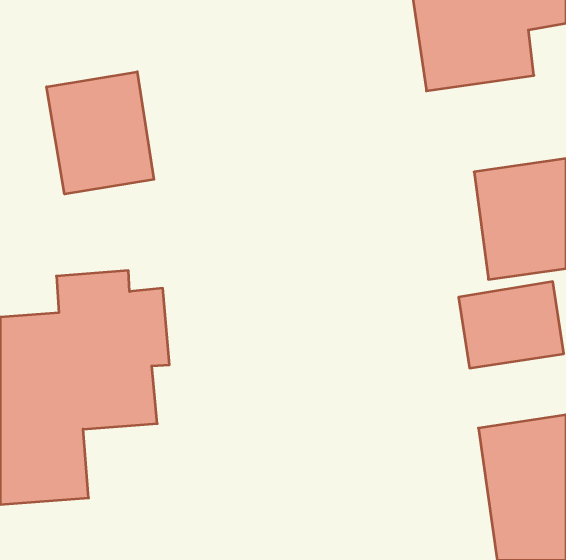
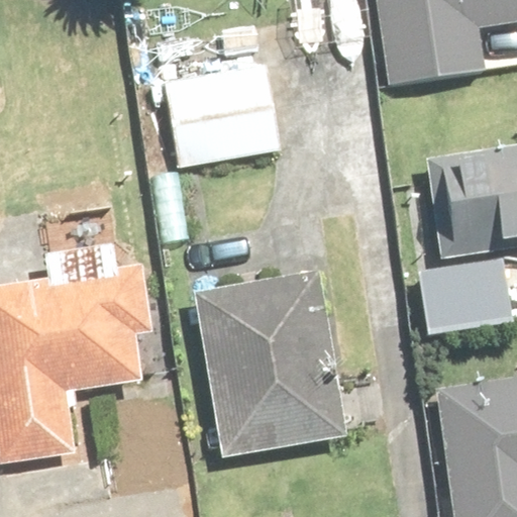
building: [47,72,154,194] -> none
building: none -> [150,68,280,173]
building: none -> [201,270,343,448]

